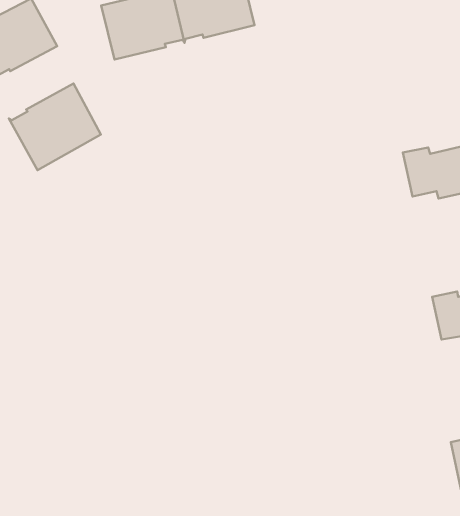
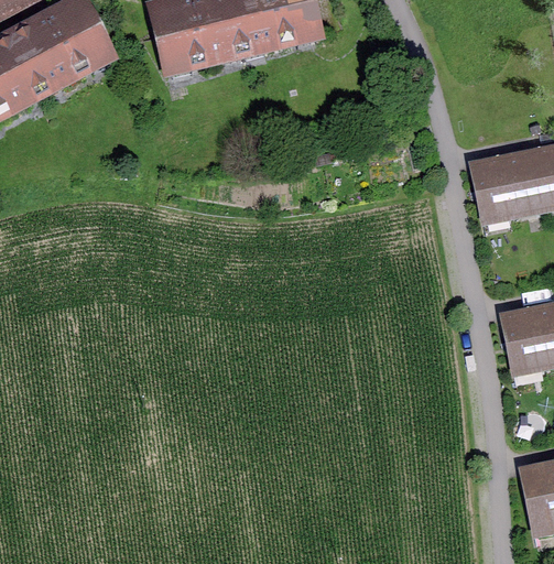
building: [9,84,101,170] -> none

